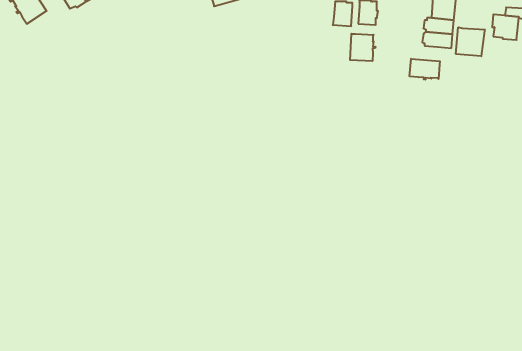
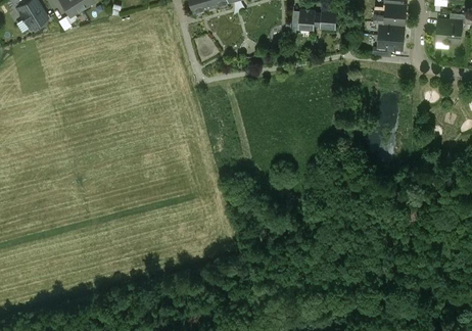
building: [456,27,485,56] -> none
building: [350,34,375,61] -> none
building: [410,59,440,80] -> none

